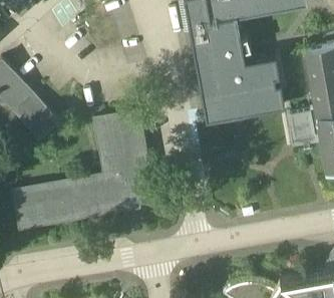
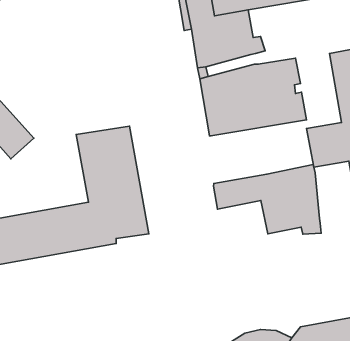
building: none -> [214,164,321,234]

